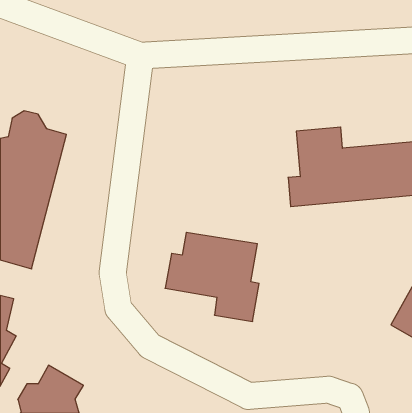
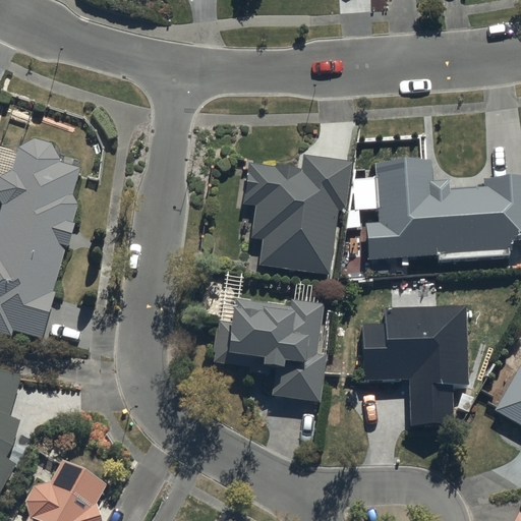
building: none -> [242,151,349,275]
building: none -> [362,306,468,425]

